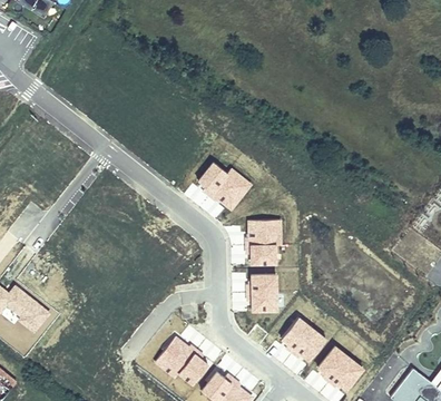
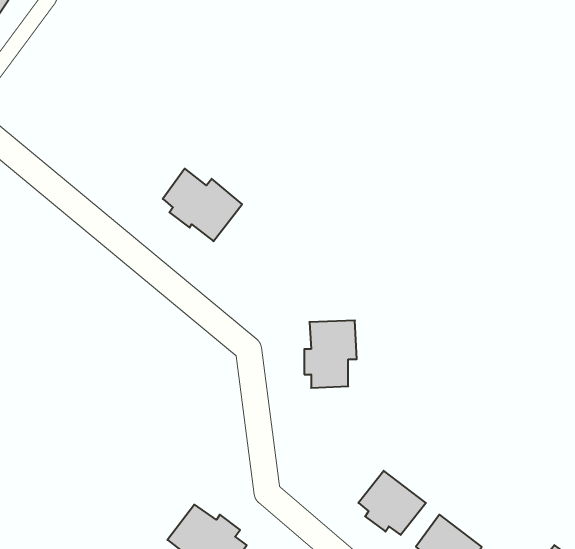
building: [196,160,248,208] -> [163,169,242,241]
building: [247,274,276,311] -> none

